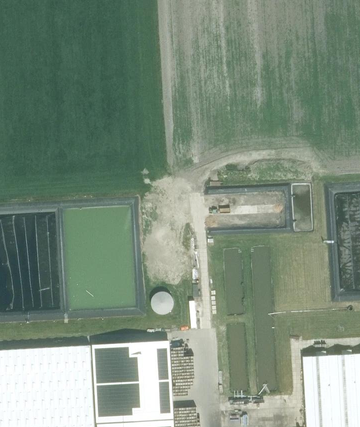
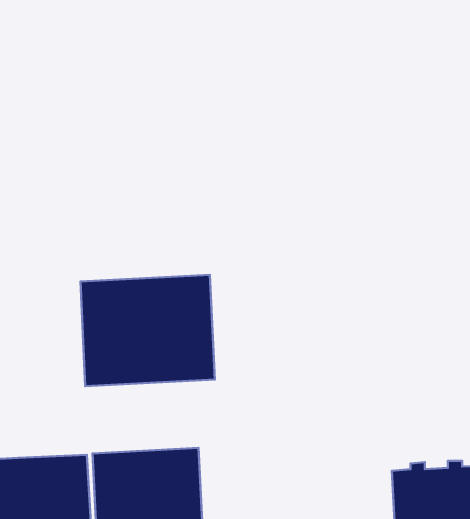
building: none -> [80,275,215,386]

